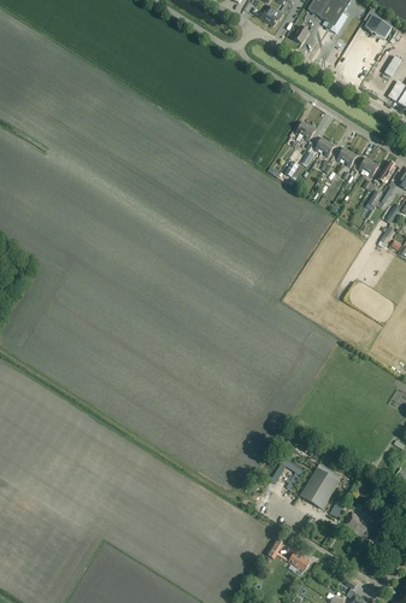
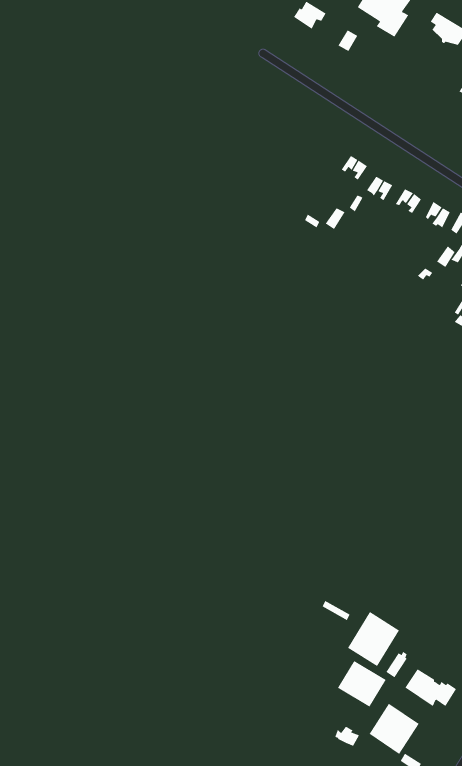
building: none -> [337,660,387,707]
building: none -> [369,703,419,755]

